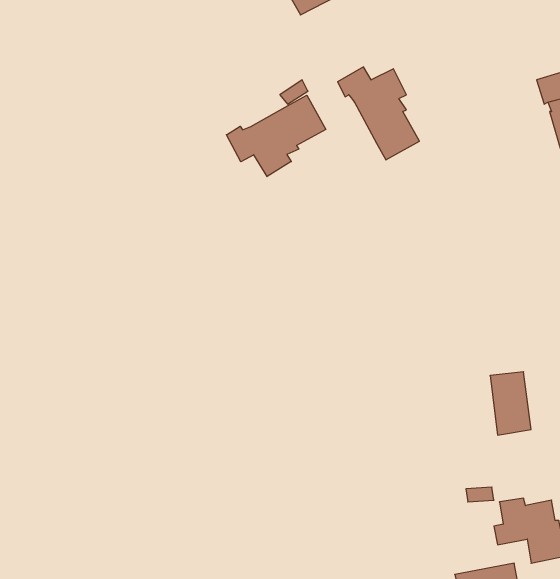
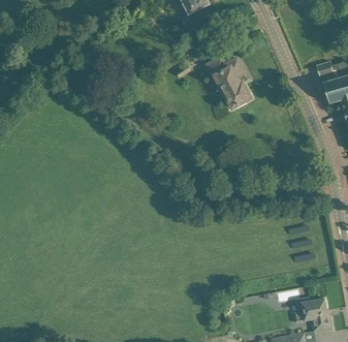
building: [226,95,326,177] -> none

